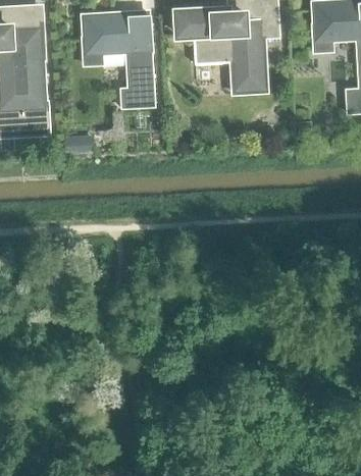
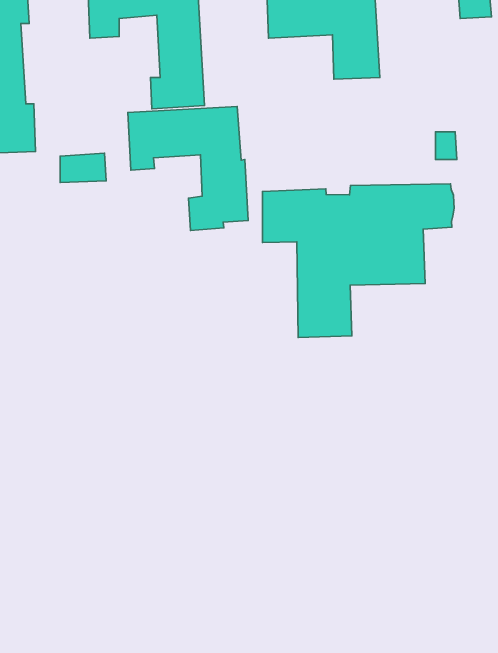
building: none -> [128,106,248,231]
building: none -> [262,184,454,338]

